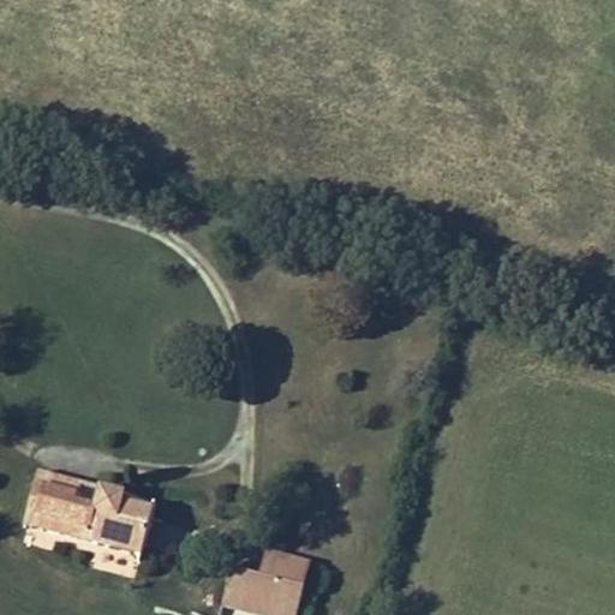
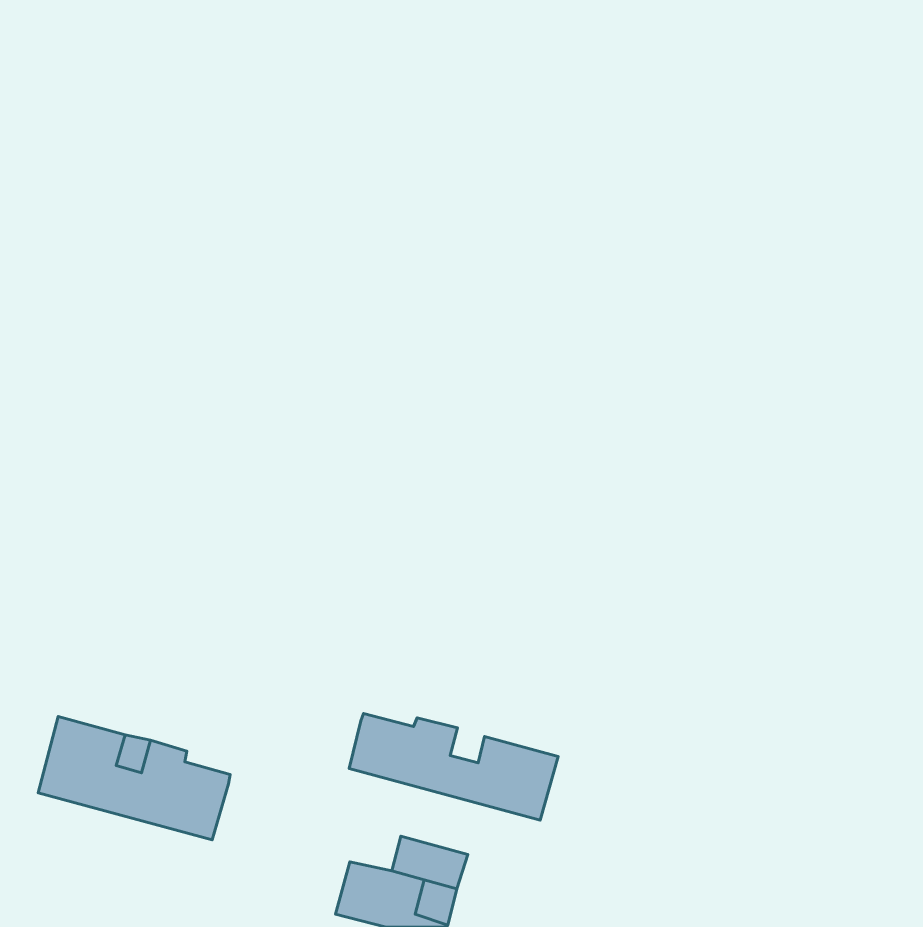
building: none -> [349,713,558,820]

